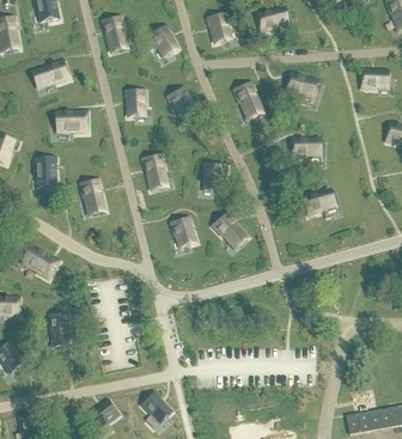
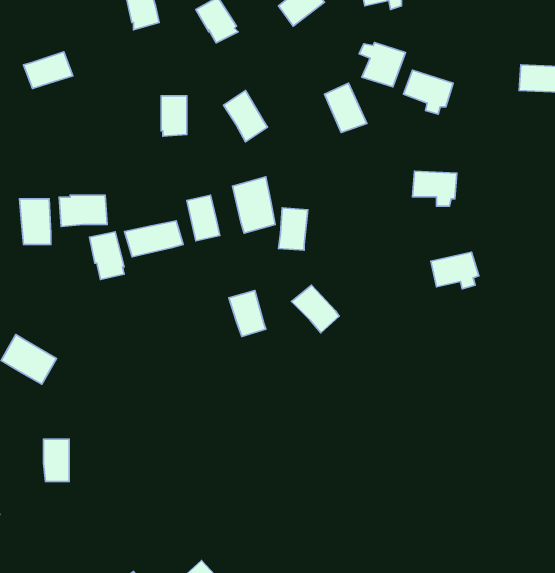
building: none -> [359,43,405,87]
building: [56,112,87,133] -> [59,195,107,226]
building: none -> [233,177,275,233]
building: none -> [125,221,183,257]

